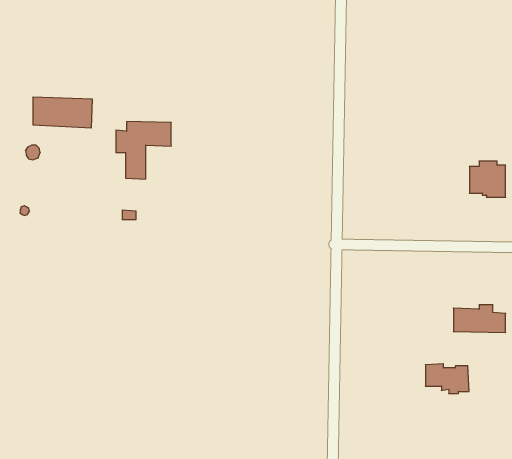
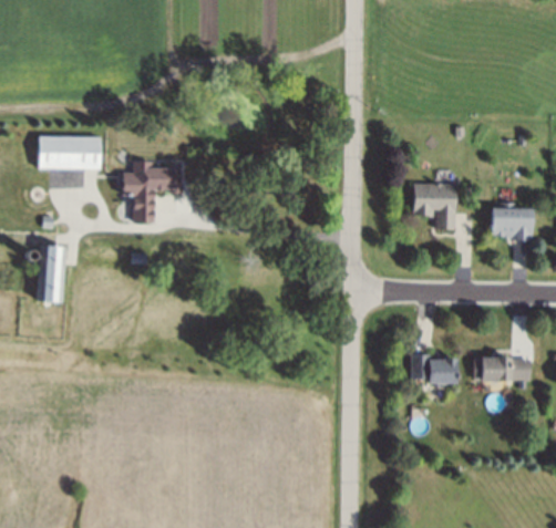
building: none -> [413,186,456,231]
building: none -> [39,246,68,304]
building: [425,364,469,394] -> [412,356,457,387]

